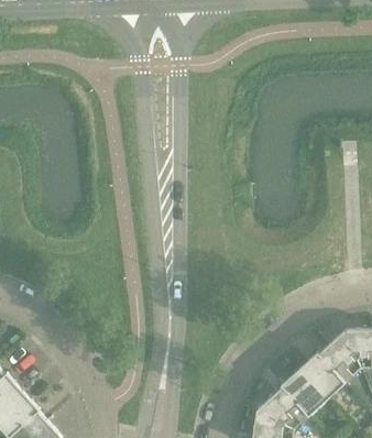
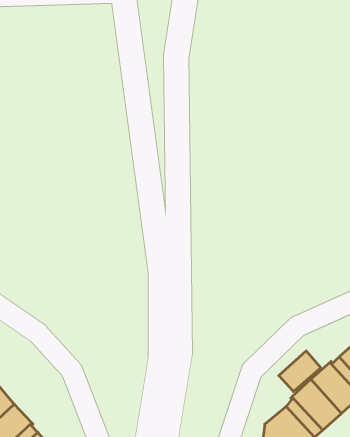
building: none -> [279,351,321,392]

